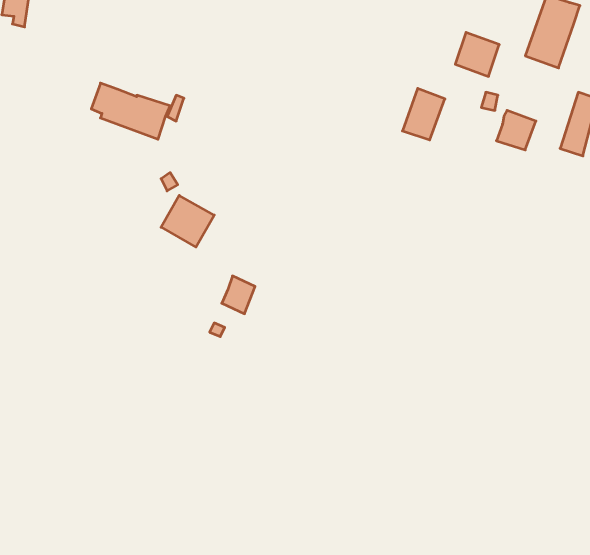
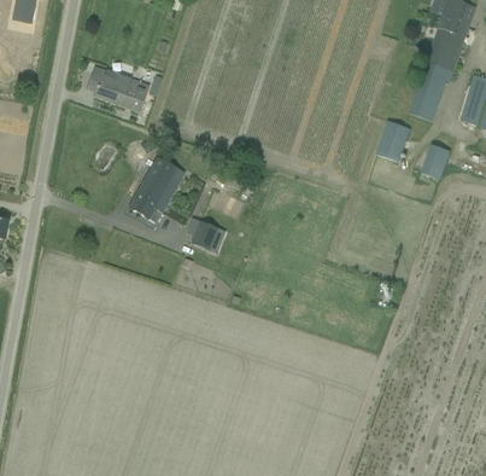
building: [455,32,499,76] -> [423,45,458,80]
building: [402,88,445,140] -> [376,120,410,161]
building: none -> [421,144,451,179]
building: none -> [128,181,170,222]

